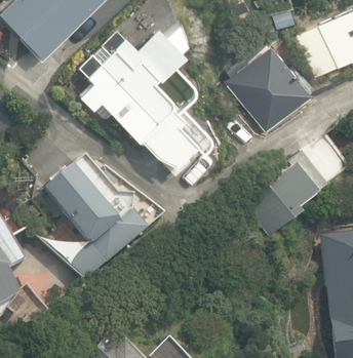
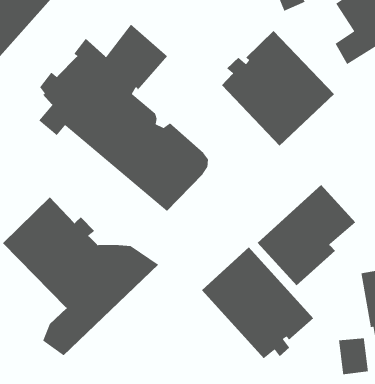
building: none -> [201,247,314,359]

